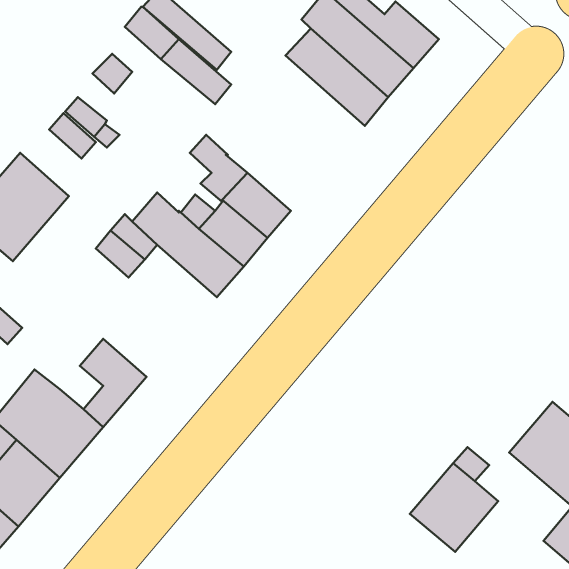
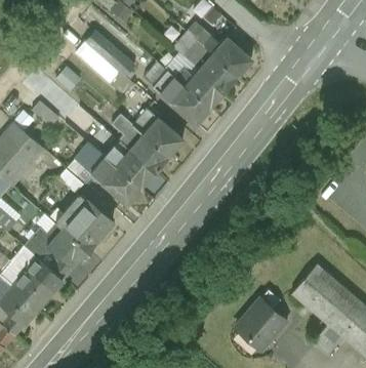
building: none -> [145,60,211,125]
building: none -> [132,114,185,157]
building: none -> [55,195,113,252]
building: none -> [28,236,63,270]

